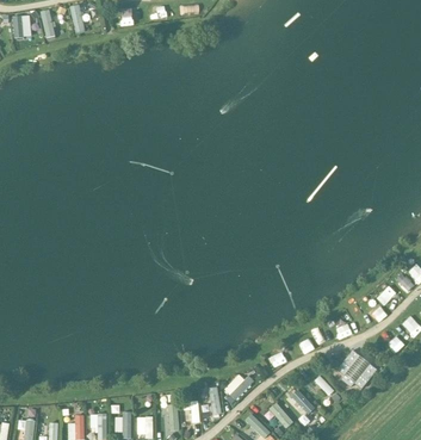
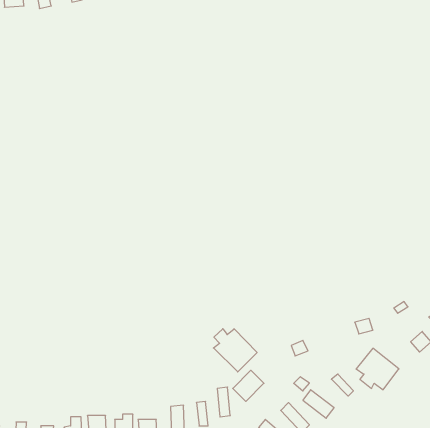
building: none -> [213,329,257,372]

